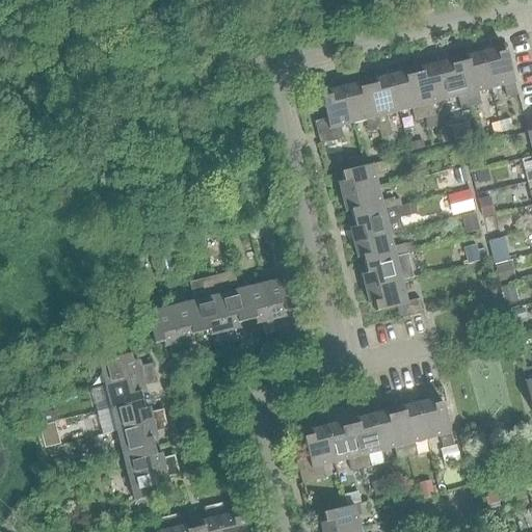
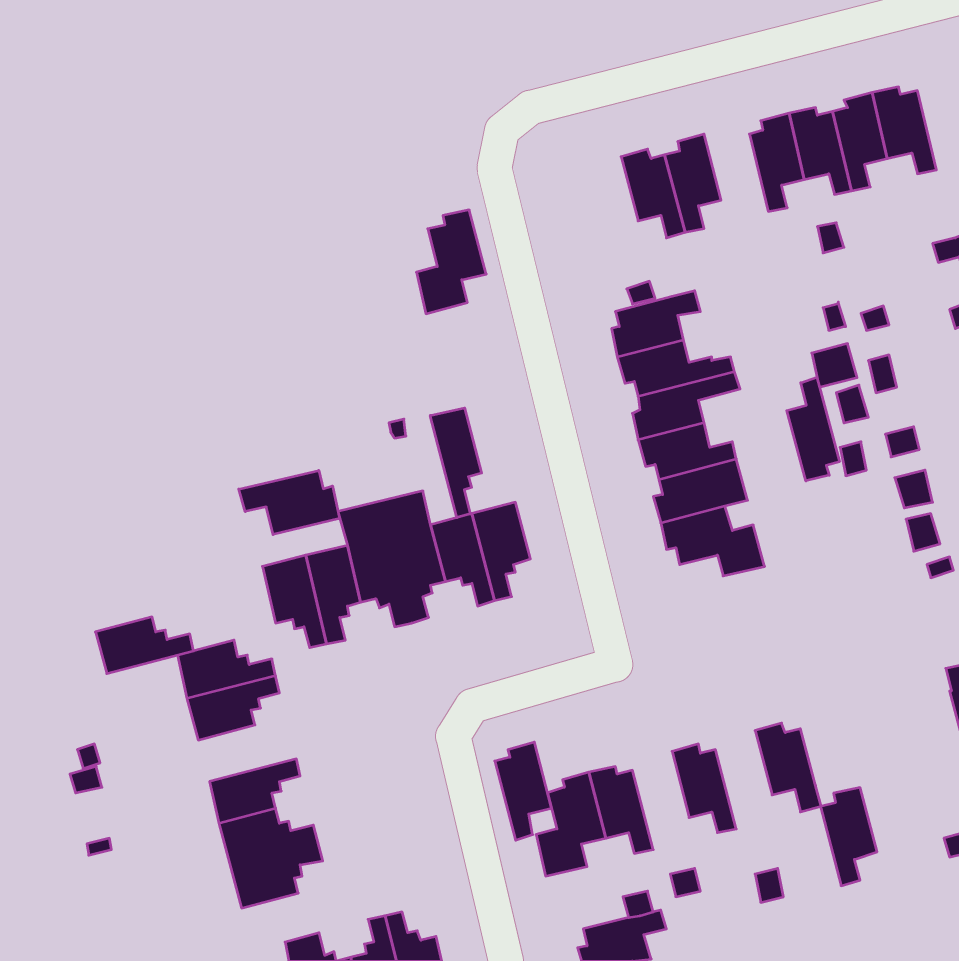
building: [391,71,426,119] -> none
building: [316,86,354,143] -> [416,210,486,314]
building: none -> [787,377,839,481]
building: none -> [430,408,482,518]
building: none -> [239,470,339,535]
building: [112,399,166,430] -> [95,617,194,674]
building: [397,402,428,456] -> [820,788,877,886]
building: [351,414,382,468] -> [495,742,551,840]

